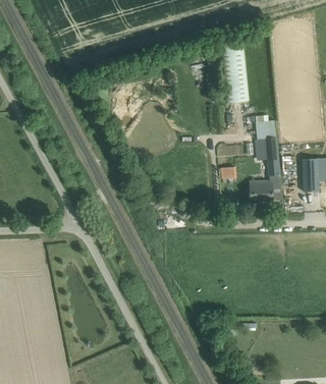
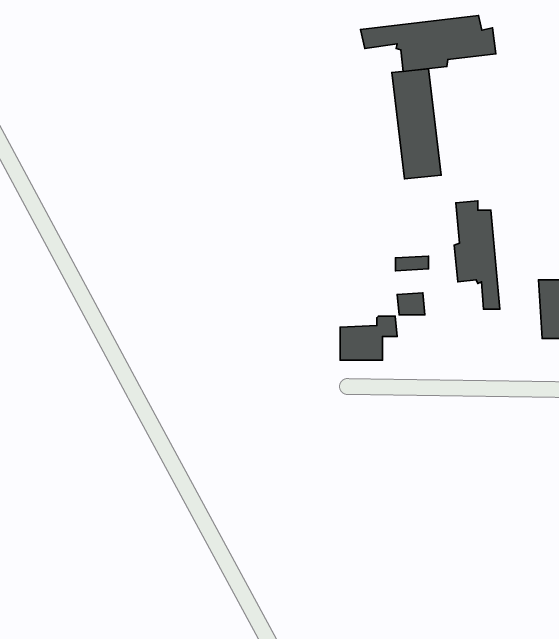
building: none -> [361,15,496,71]
building: [250,175,281,200] -> [340,316,397,360]

